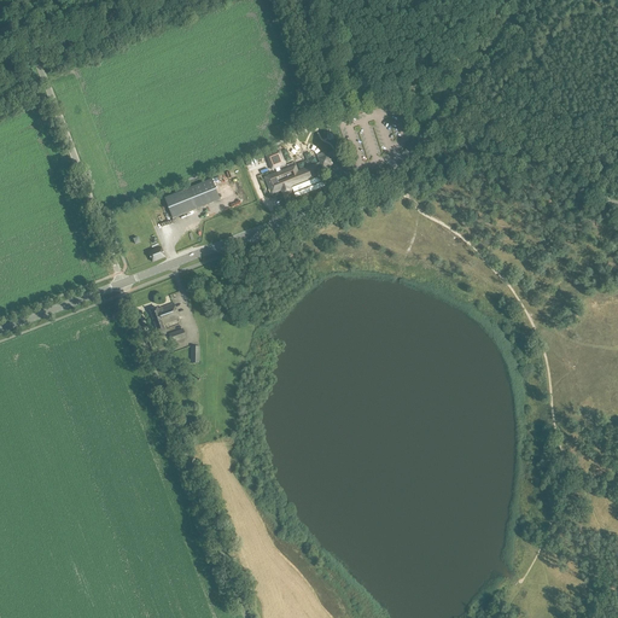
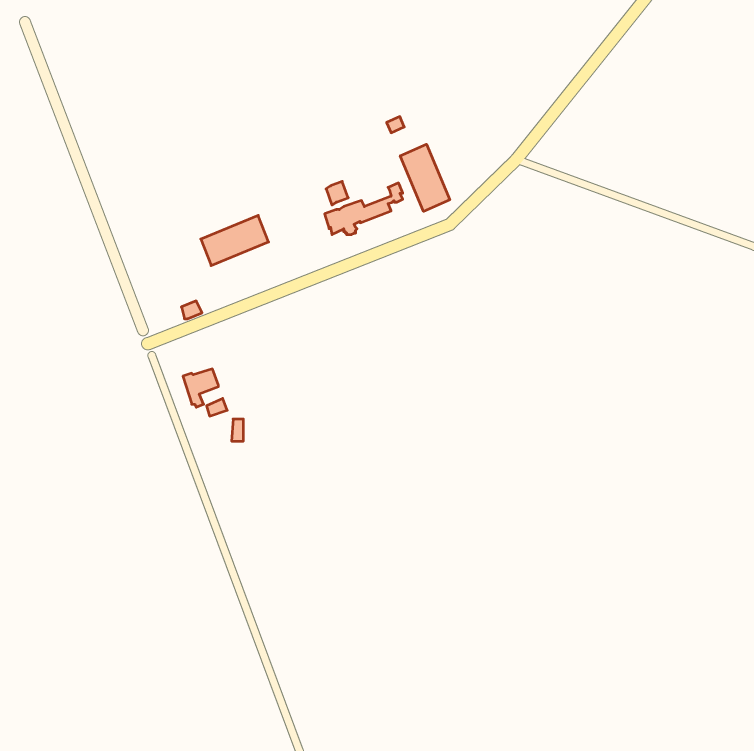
building: none -> [400,144,450,211]

